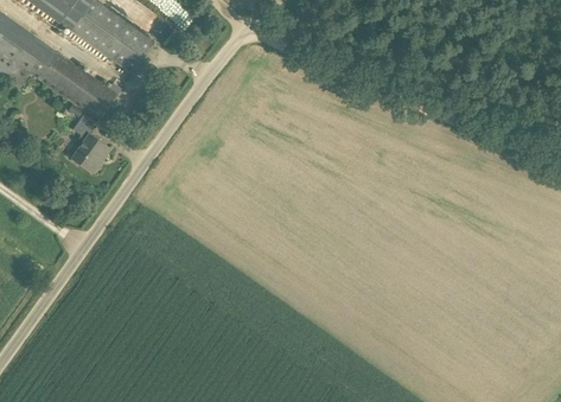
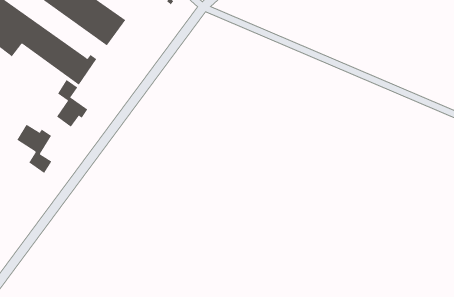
building: none -> [17,124,52,174]

